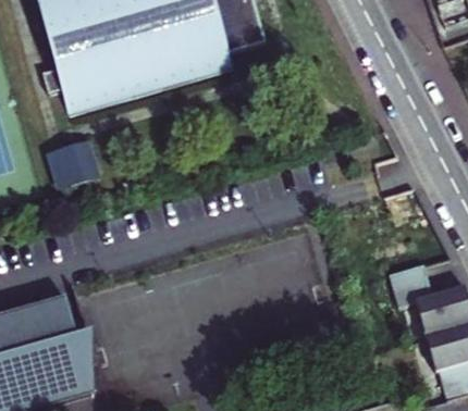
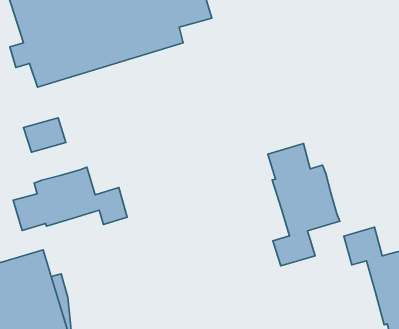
building: none -> [268,143,340,266]
building: none -> [13,167,127,230]

